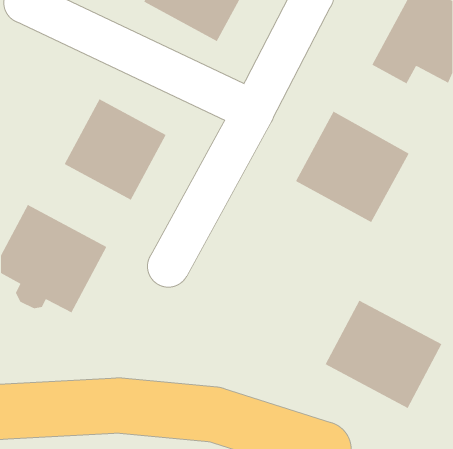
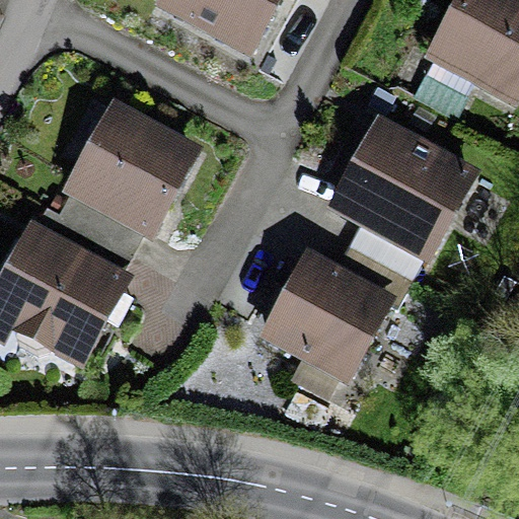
building: none -> [269,260,386,376]
building: [325,300,442,409] -> none

